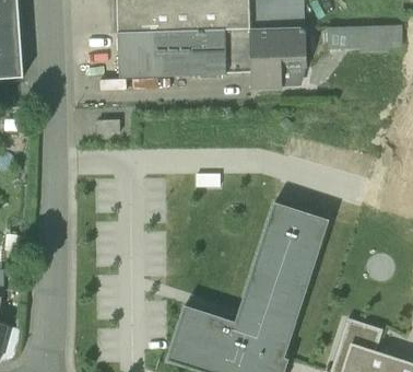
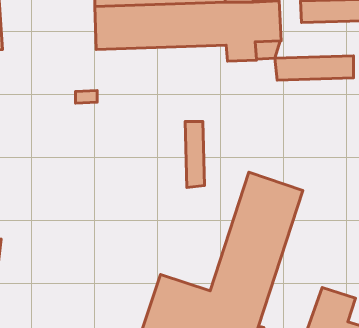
building: none -> [275,56,354,80]
building: none -> [185,121,205,187]

